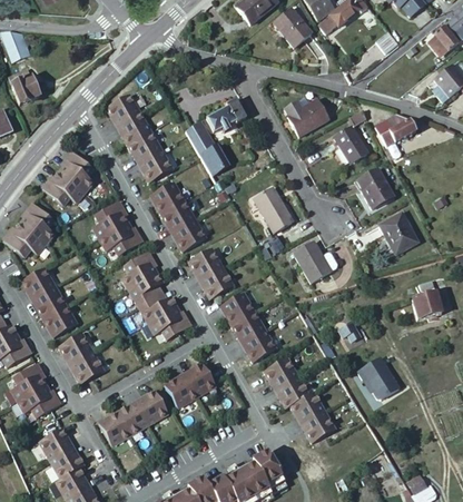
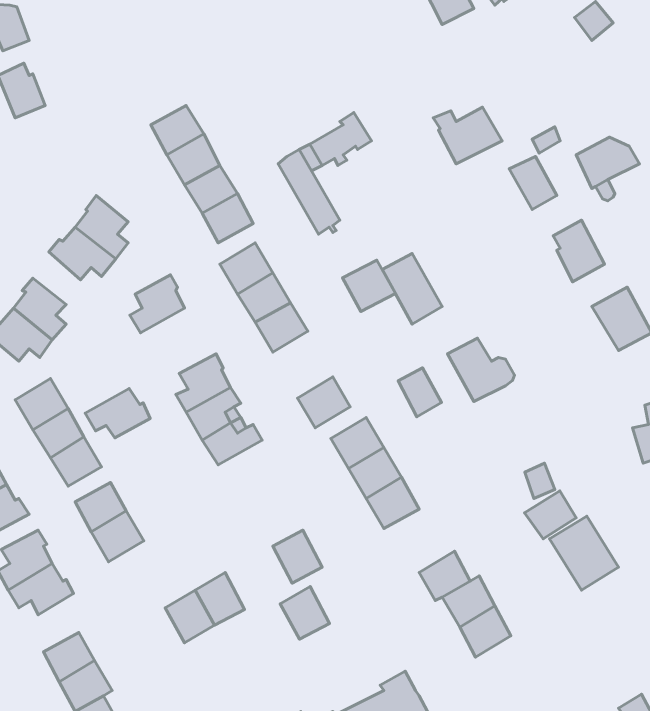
building: none -> [343,260,395,311]
building: [100,224,141,255] -> [85,389,150,438]
building: [189,249,221,280] -> none
building: none -> [398,368,442,417]
building: [149,307,190,339] -> none
building: none -> [525,491,576,539]
building: [265,358,298,391] -> none
building: [165,374,196,407] -> [280,586,330,639]
building: [98,413,128,445] -> none

